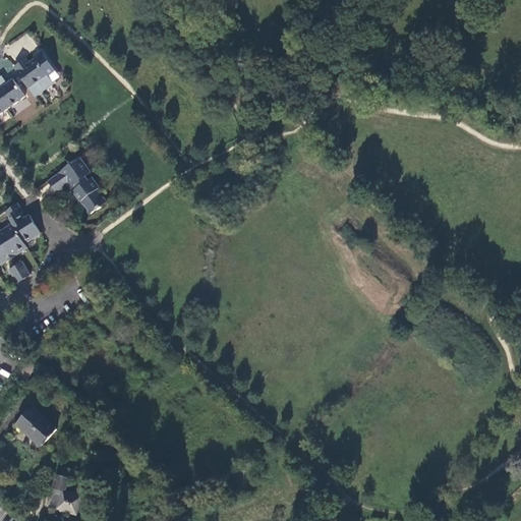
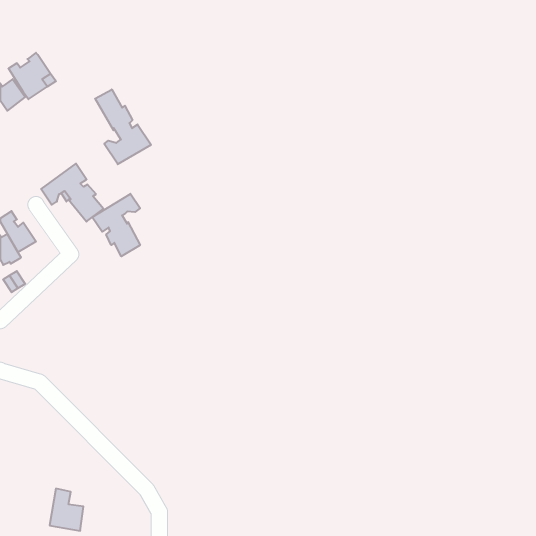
building: none -> [95,89,151,164]
building: none -> [92,194,140,256]
building: [15,403,60,444] -> none

